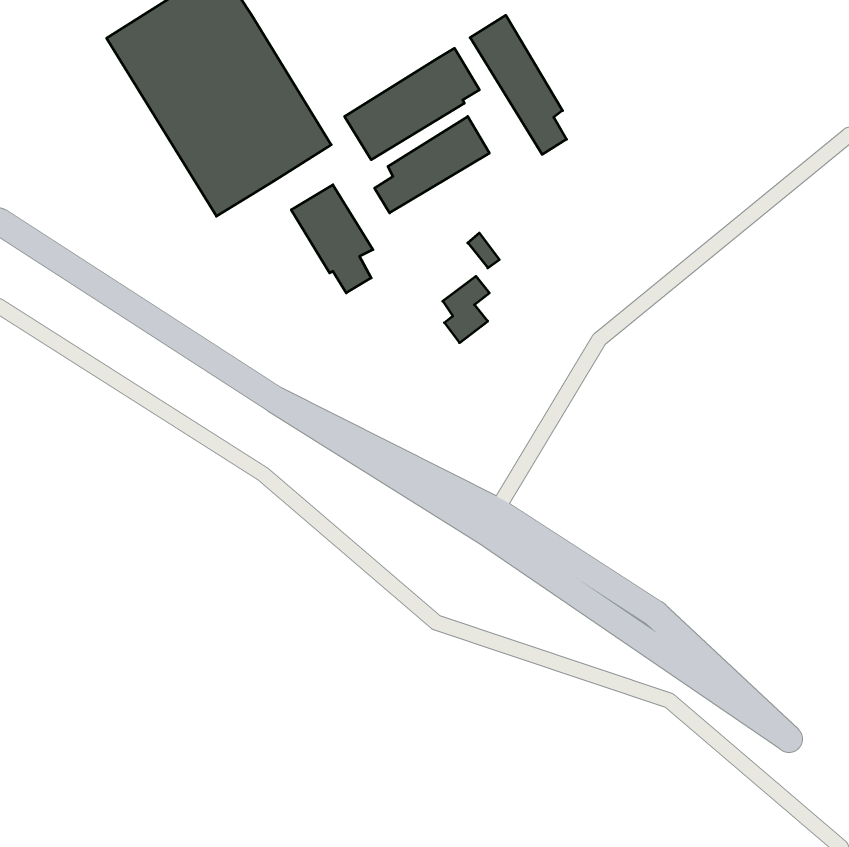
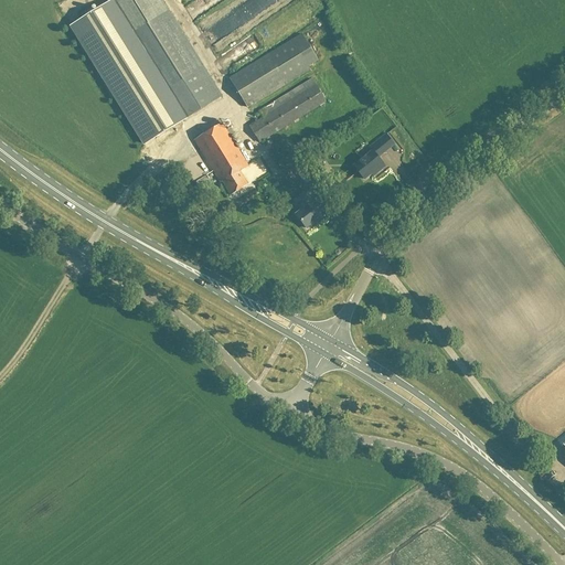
building: [470,15,567,154] -> none
building: none -> [352,134,393,179]

